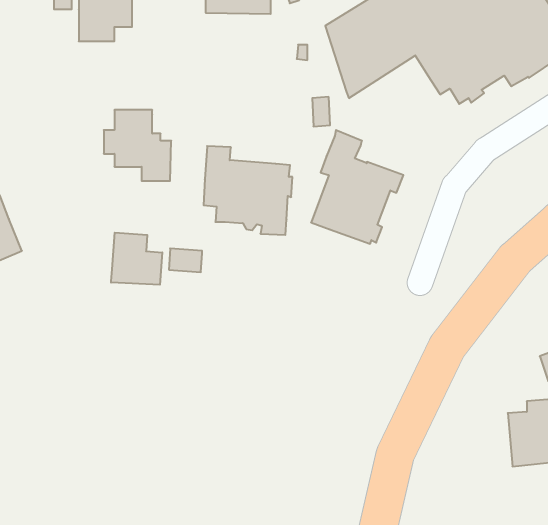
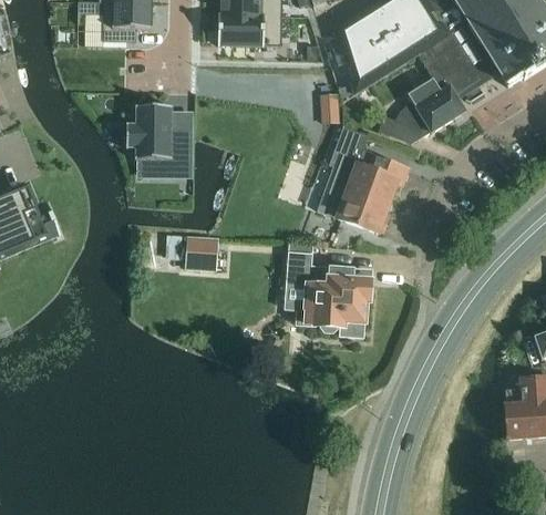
building: none -> [218,13,282,44]
building: none -> [379,78,466,135]
building: [204,146,292,235] -> [286,253,369,336]
building: [111,233,162,285] -> none

